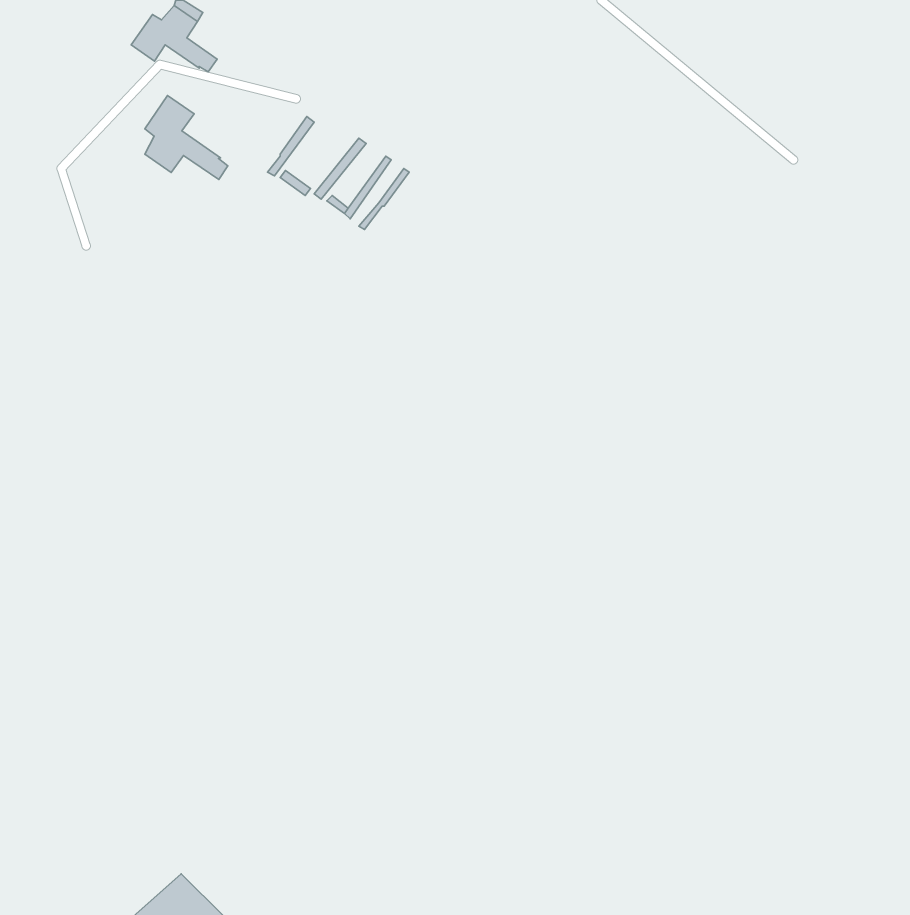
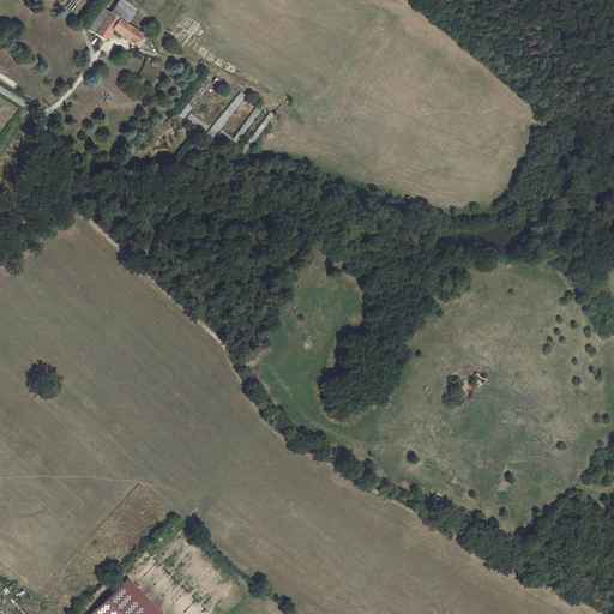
building: [145,95,228,180] -> none

